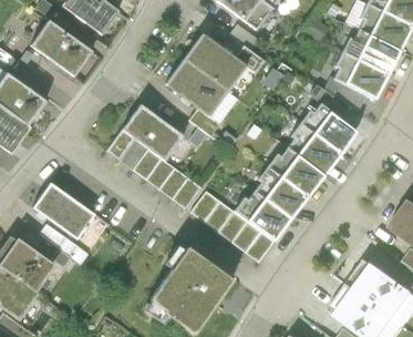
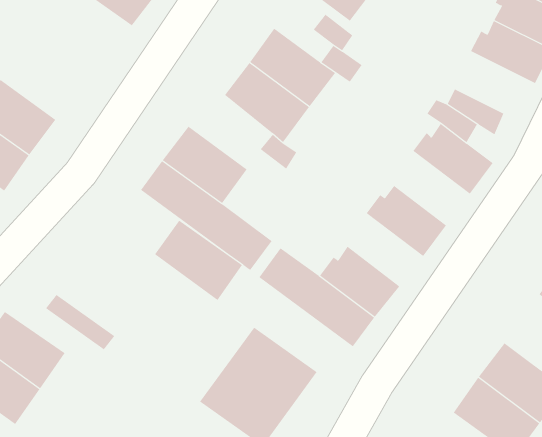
building: [31,20,92,75] -> none
building: [333,51,389,100] -> none
building: [288,122,342,175] -> none
building: [255,166,309,218] -> none
building: [33,182,96,239] -> [154,220,243,301]

